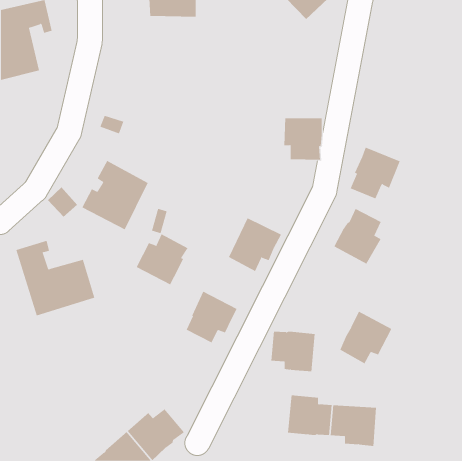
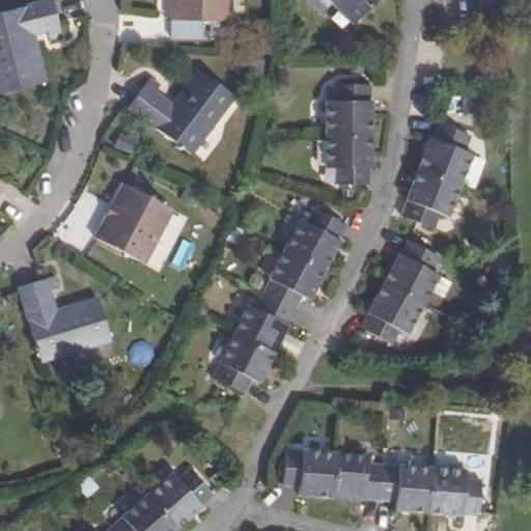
building: none -> [129,69,235,155]
building: none -> [327,83,371,135]
building: none -> [419,122,472,185]
building: none -> [284,207,344,269]
building: [136,234,188,285] -> [233,295,294,354]
building: [340,311,392,364] -> [361,282,421,343]
building: [270,331,316,372] -> [282,449,334,496]
building: none -> [429,467,481,513]

